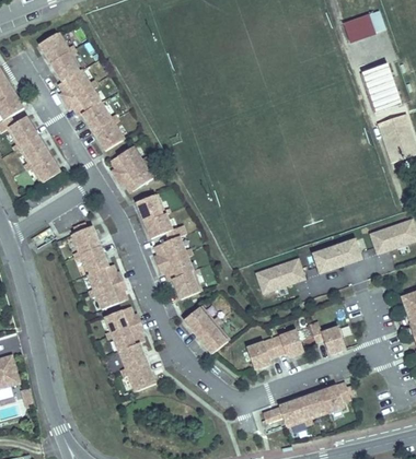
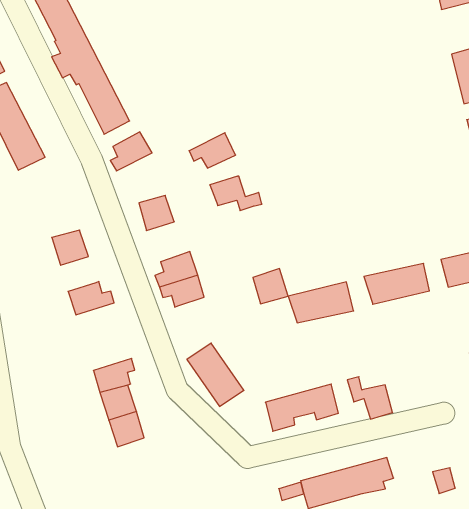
building: [116,165,152,193] -> [189,133,236,168]
building: [143,216,185,243] -> [210,176,262,211]
building: [80,249,108,278] -> none
building: [173,272,201,301] -> [253,269,288,304]
building: [95,283,128,311] -> none
building: [105,310,141,337] -> none

